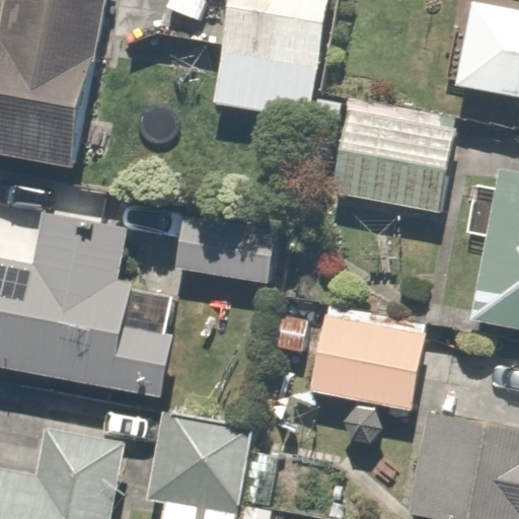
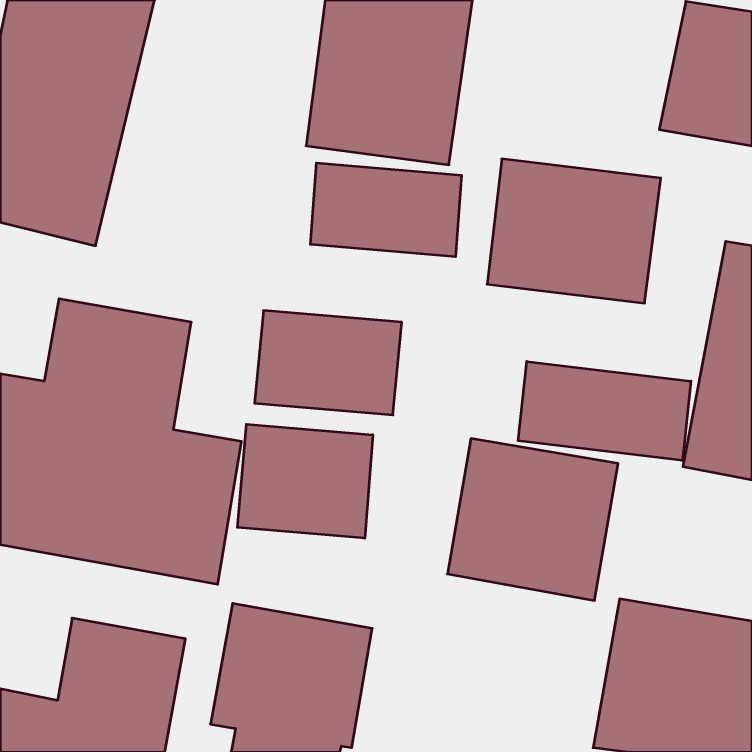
building: none -> [310,163,462,257]
building: none -> [518,361,691,461]
building: none -> [237,424,373,538]

